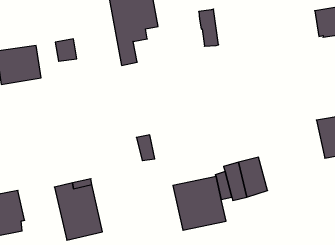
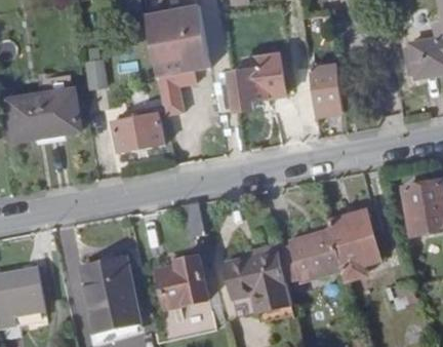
building: none -> [309,65,341,111]
building: none -> [230,69,266,110]
building: none -> [111,107,160,152]
building: none -> [332,209,380,269]
building: none -> [158,254,206,305]

